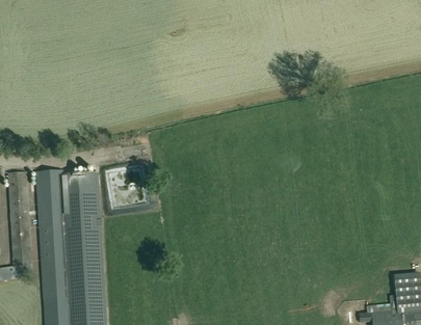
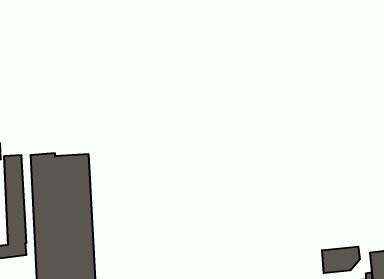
building: none -> [322,247,360,273]

